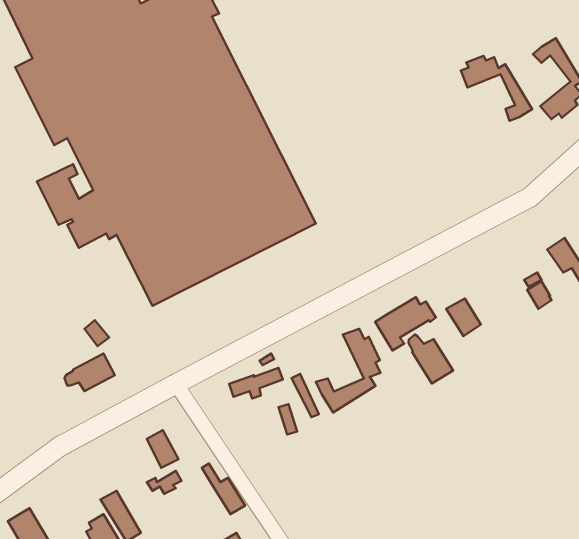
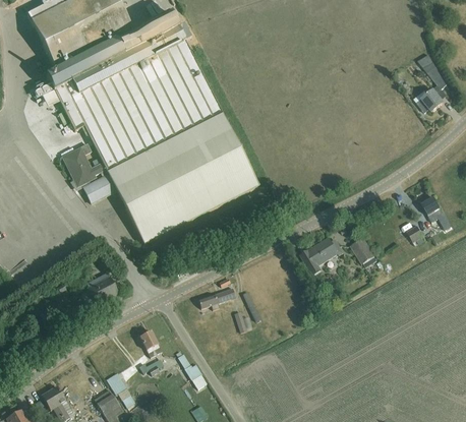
building: [461,56,532,121] -> none
building: [316,329,380,412] -> none
building: [409,335,453,383] -> none

